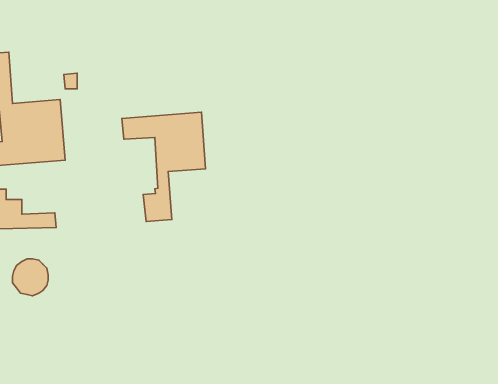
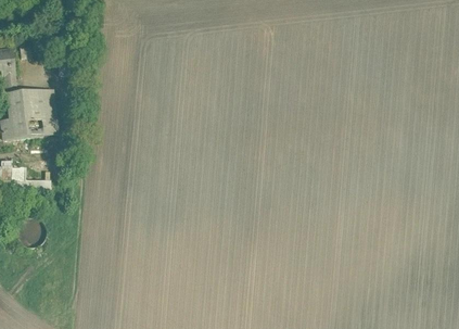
building: [122,112,205,221] -> none

